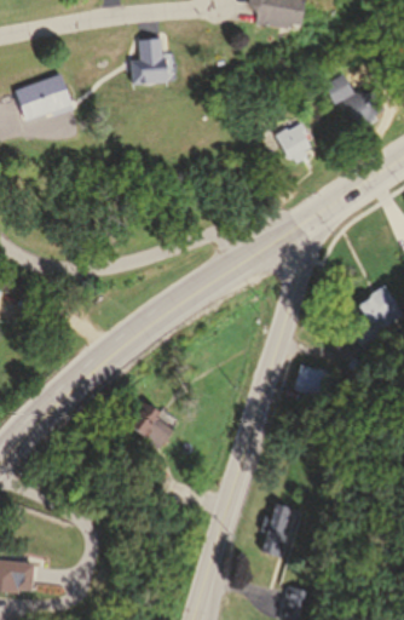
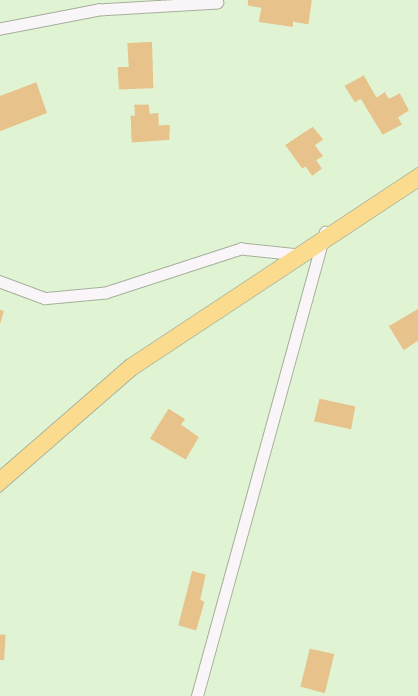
building: none -> [130,104,170,143]
building: [129,397,174,443] -> [149,408,200,460]
building: [266,494,292,547] -> [178,570,207,631]

